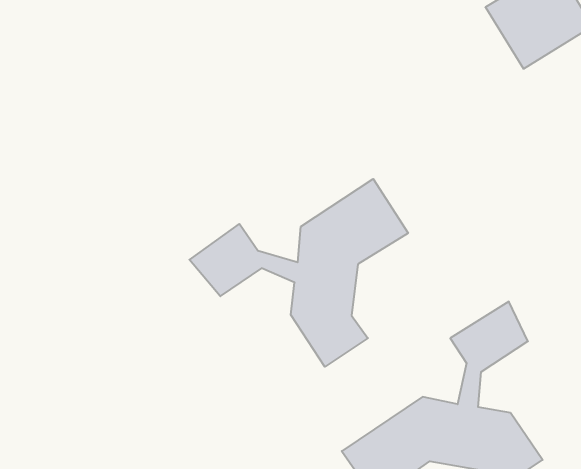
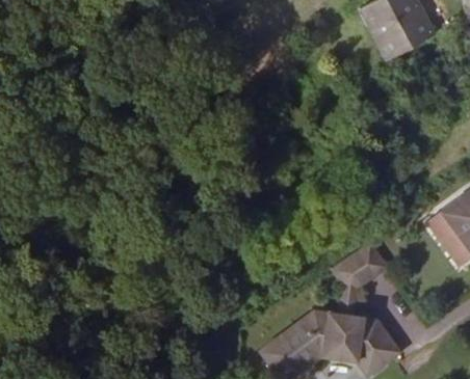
building: [189,179,408,367] -> none

